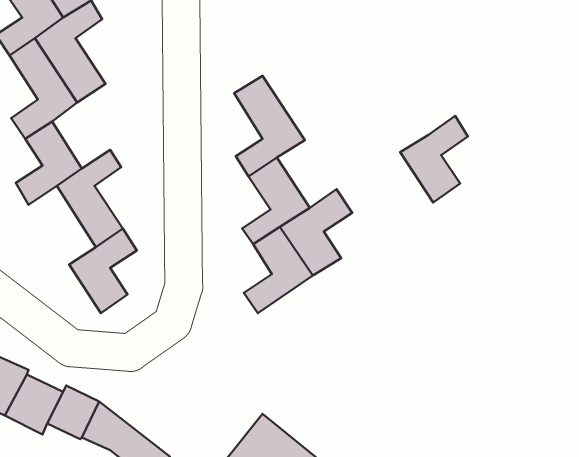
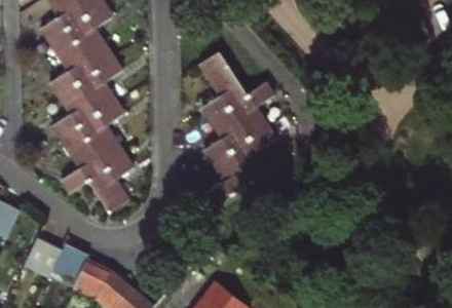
building: none -> [78,62,121,117]
building: [400,116,468,202] -> [225,86,269,143]
building: none -> [63,128,107,192]

